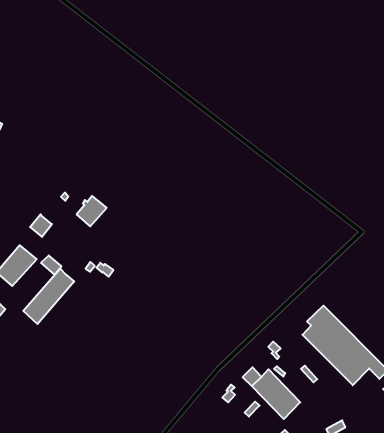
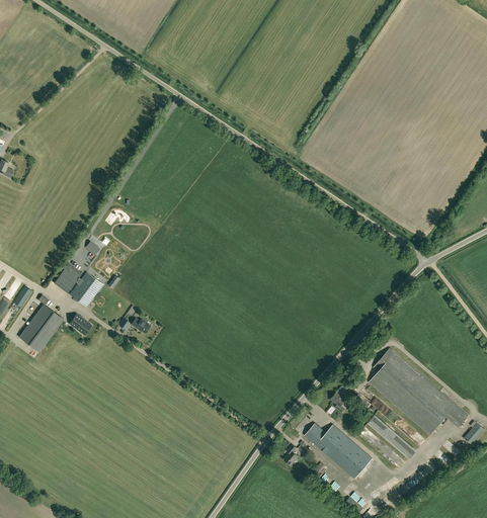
building: [77,196,107,226] -> [71,272,104,307]
building: [23,268,74,324] -> none

